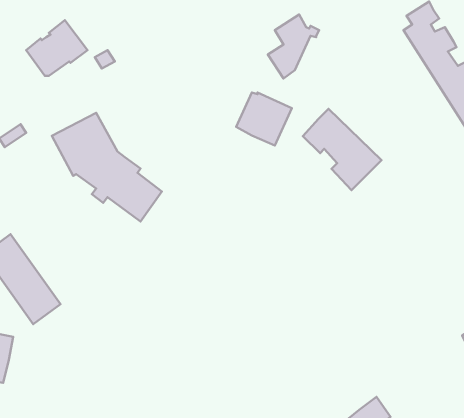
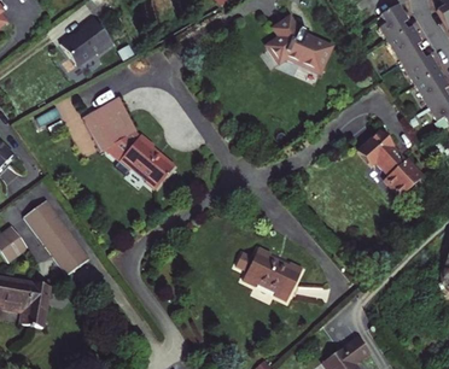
building: [236,93,292,145] -> [287,31,334,76]
building: [303,109,381,190] -> [357,129,424,198]
building: none -> [235,247,302,300]

